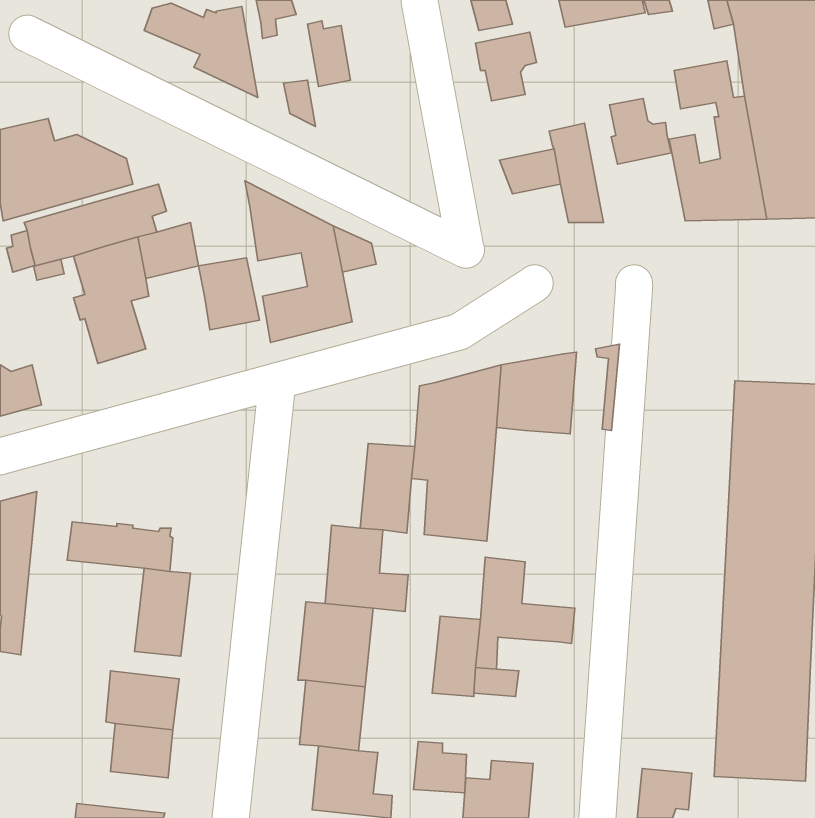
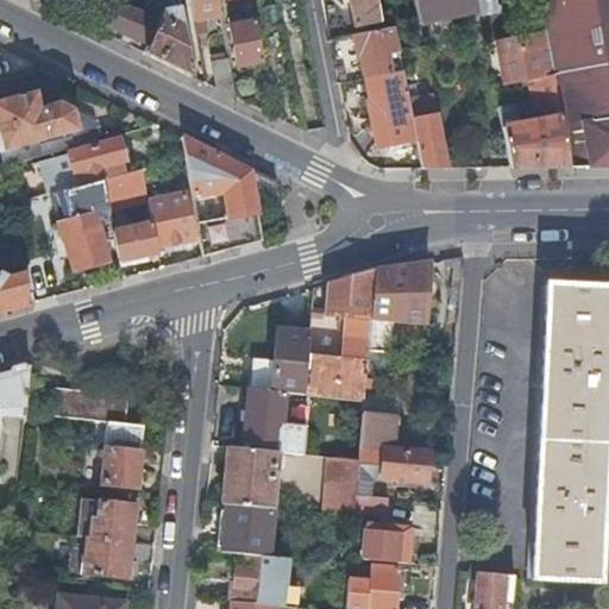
building: [610,99,672,164] -> [368,70,414,119]
building: none -> [114,221,159,265]
building: [414,742,466,793] -> [363,523,402,561]

